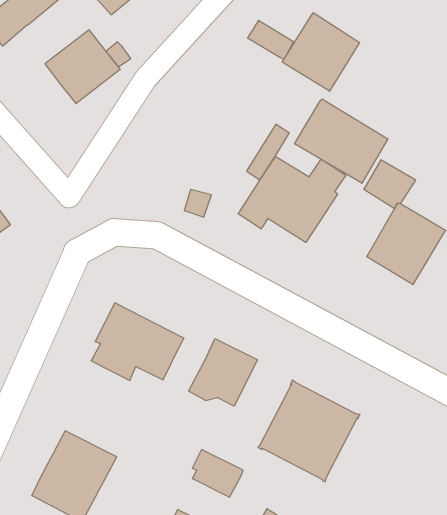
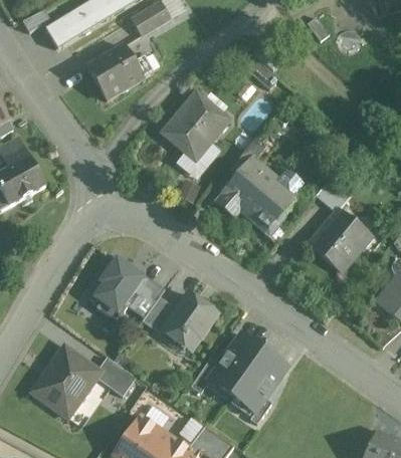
building: [282,13,360,91] -> none
building: none -> [164,91,229,158]
building: [295,99,388,183] -> none
building: none -> [142,295,177,332]
building: [192,449,243,497] -> [96,356,136,395]

